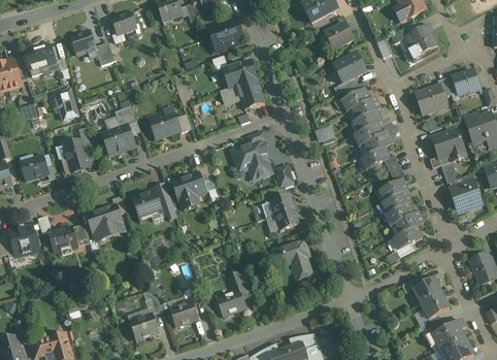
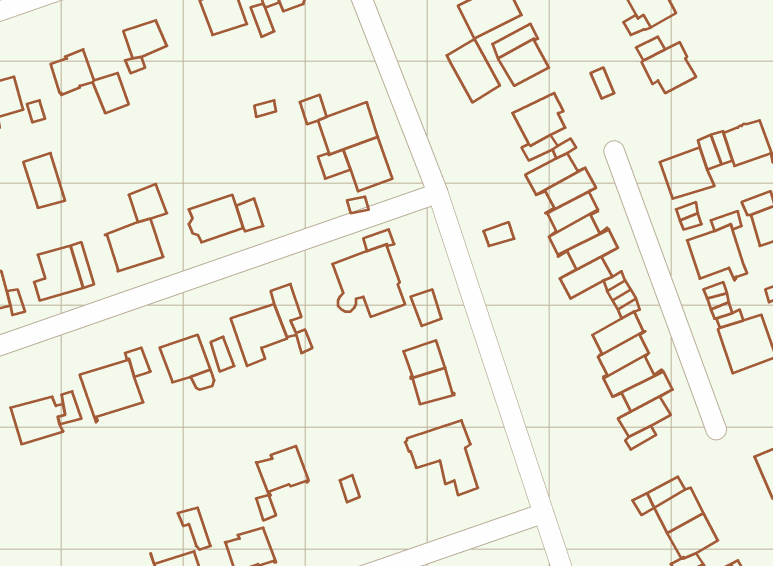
building: [207,19,243,52] -> none
building: none -> [447,39,500,102]
building: [216,289,245,317] -> [256,446,309,495]

